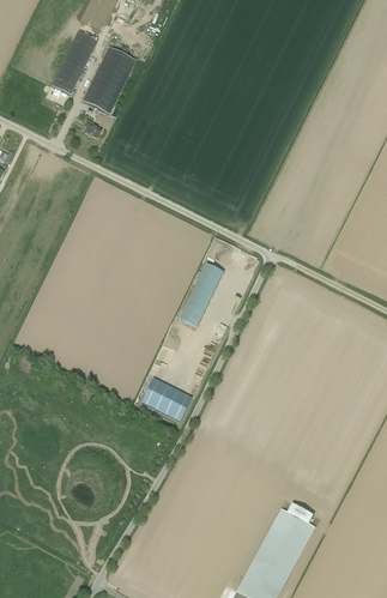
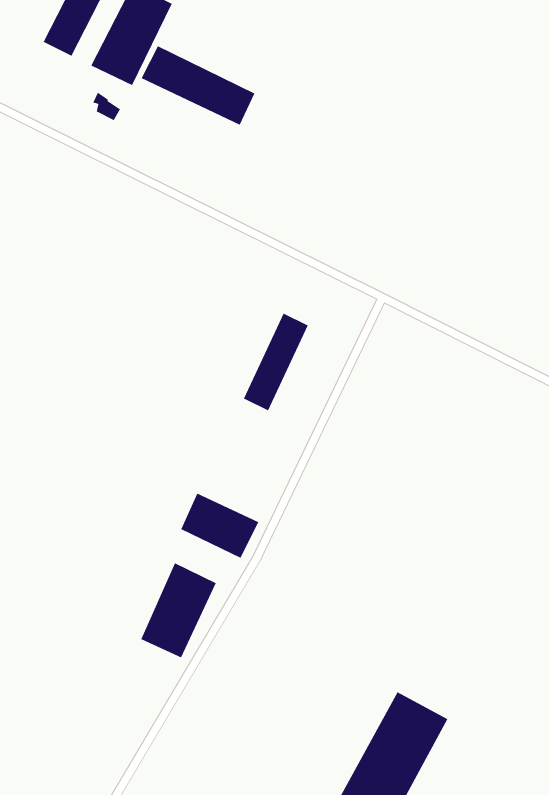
building: none -> [141,45,256,126]
building: none -> [140,562,217,659]

